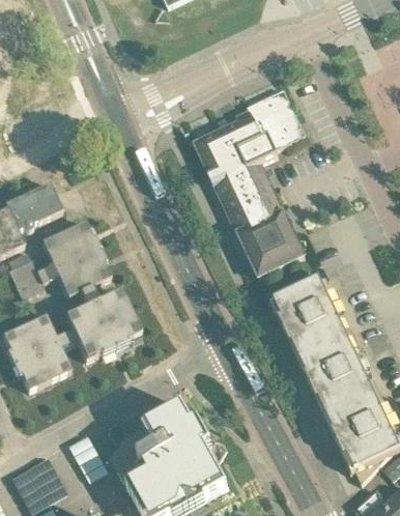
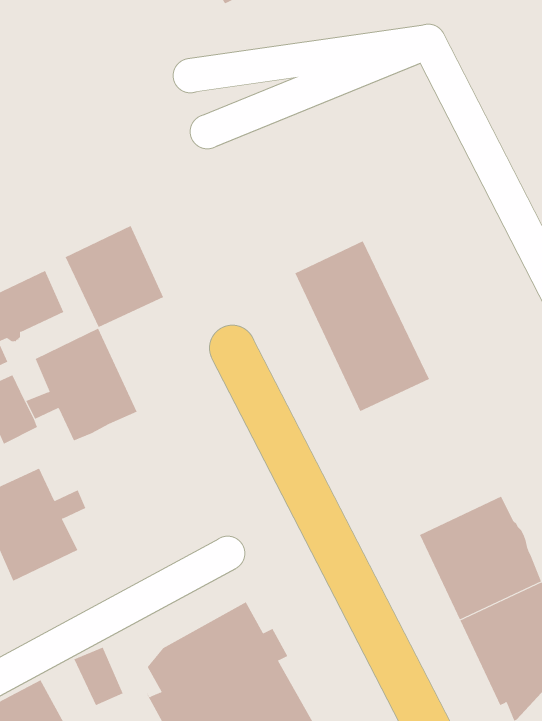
building: [195,89,306,185] -> none
building: none -> [65,225,164,328]
building: [270,277,352,360] -> none
building: [64,286,140,361] -> none

